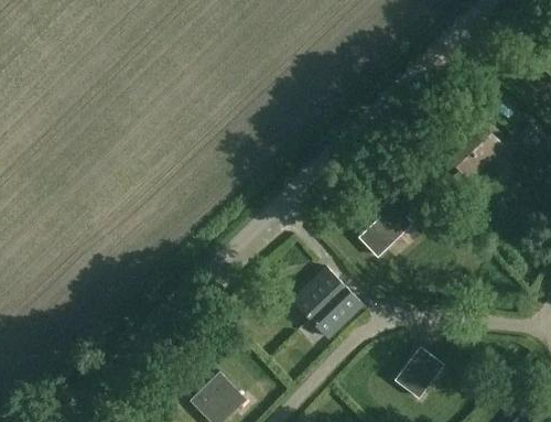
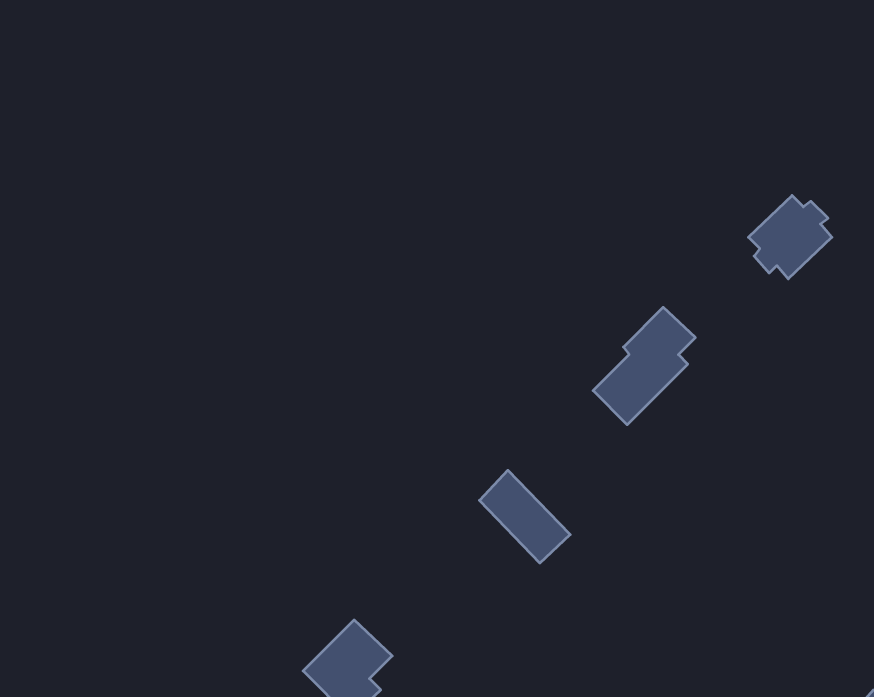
building: [310,268,363,322] -> none
building: [396,346,445,399] -> none

